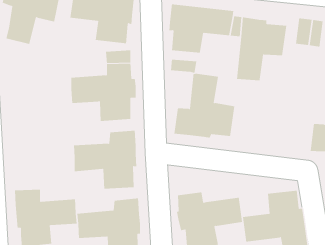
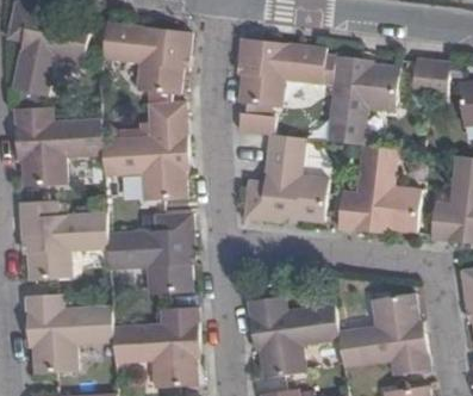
building: none -> [15,106,102,186]
building: none -> [338,144,422,234]
building: none -> [20,200,107,279]

